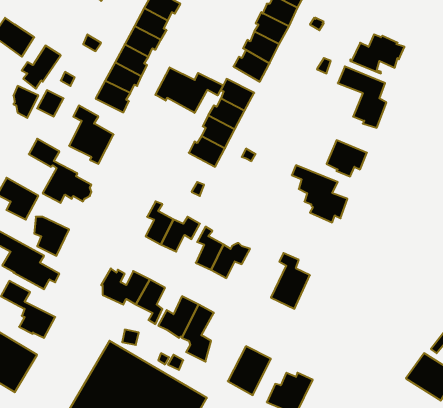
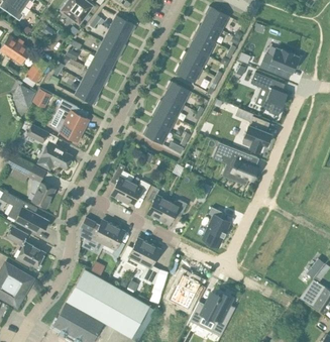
building: [155,67,223,113] -> none

